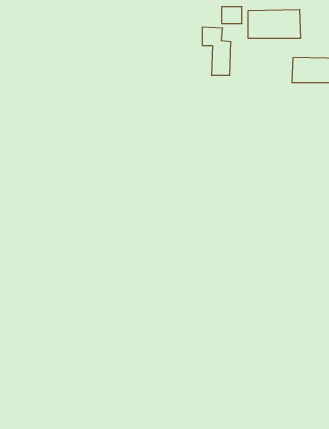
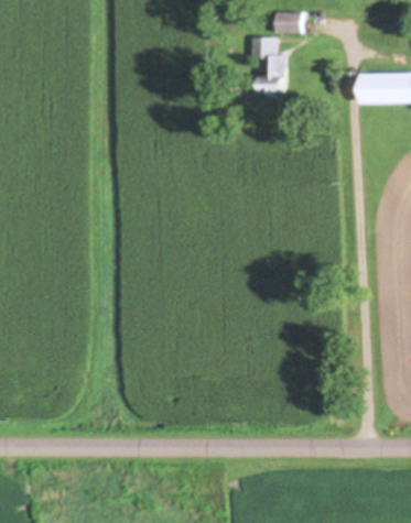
building: [248,9,301,38] -> none

